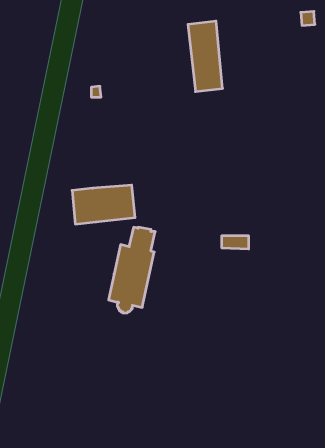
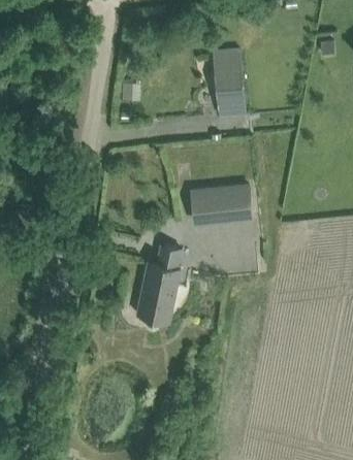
building: [72,185,135,224] -> [191,186,251,223]

